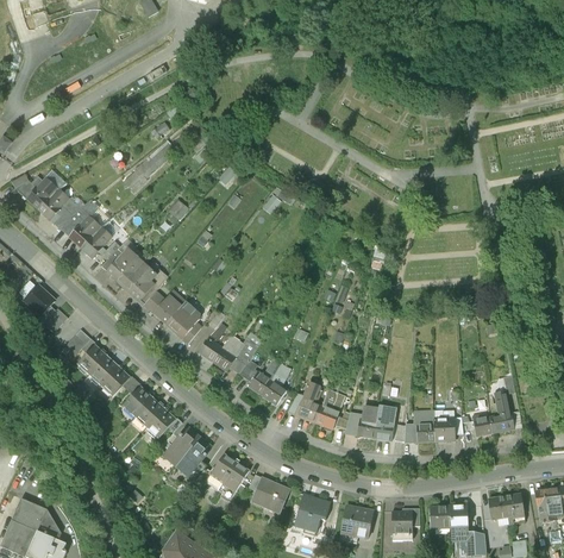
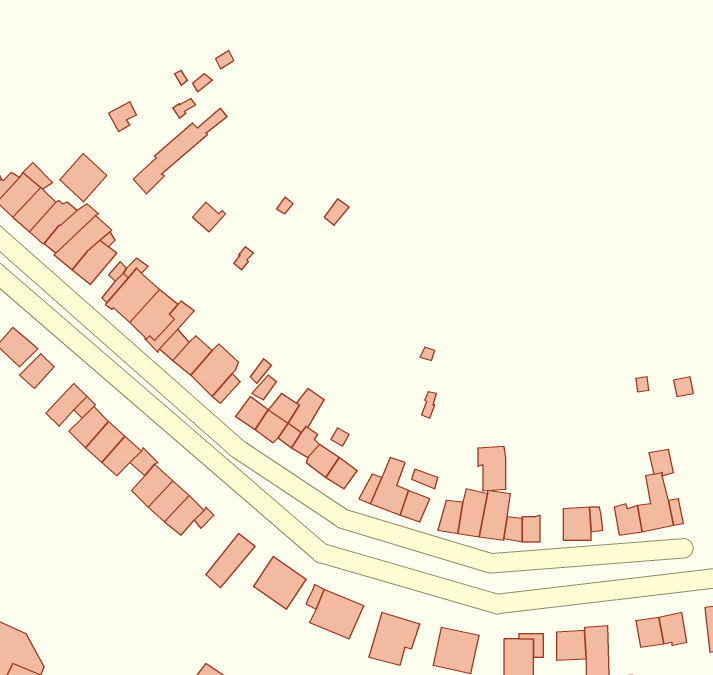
building: none -> [60,154,107,202]
building: [414,410,434,443] -> [478,446,506,491]
building: [163,426,200,466] -> none

